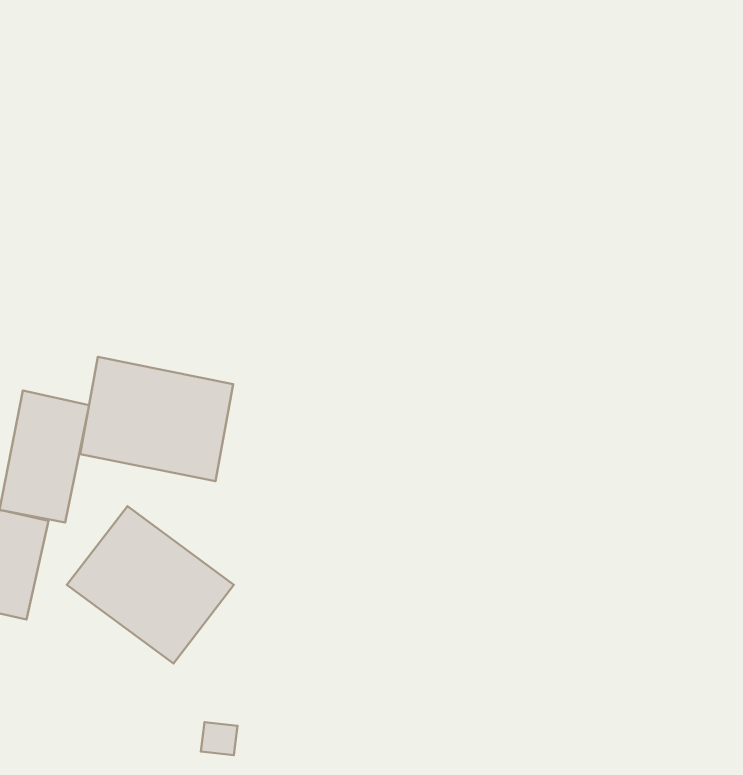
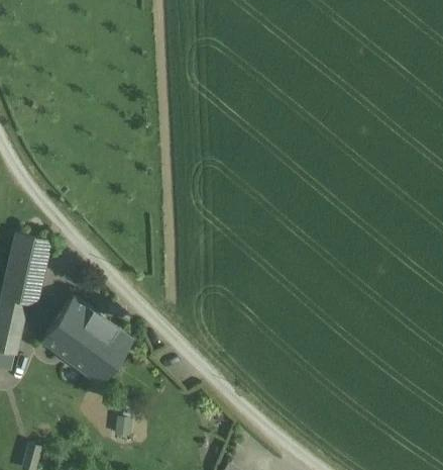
building: [80,357,233,481] -> none

